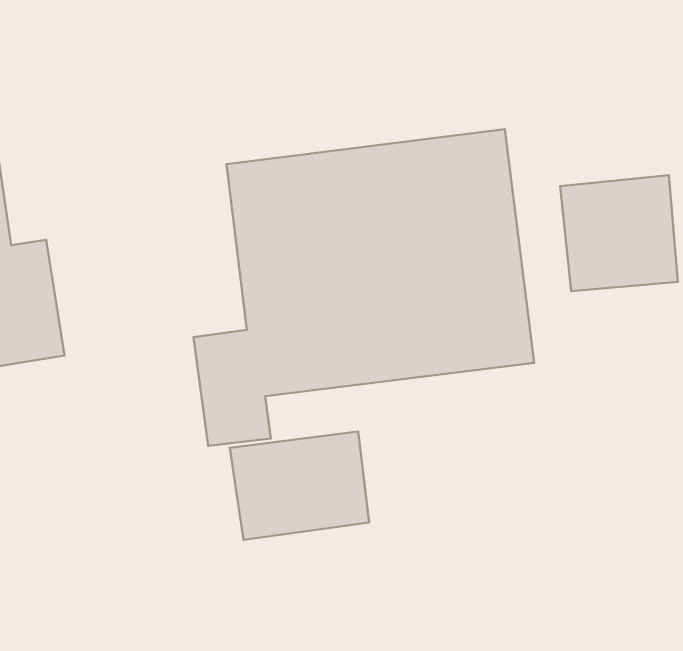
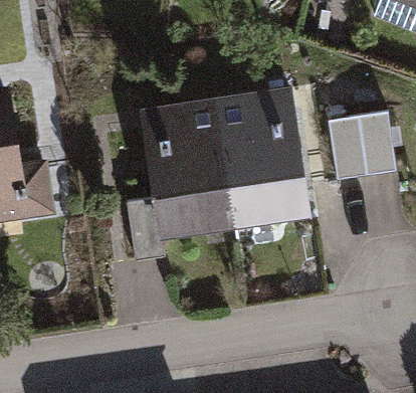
building: [230,432,369,540] -> none

